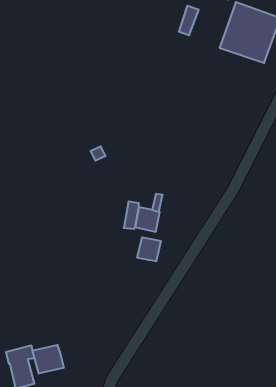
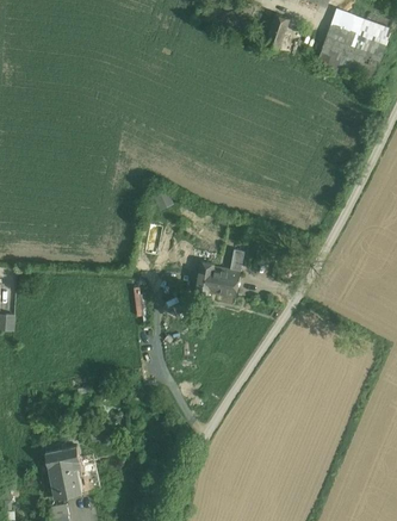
building: [137,237,161,261] -> none
building: [33,345,64,374] -> none

